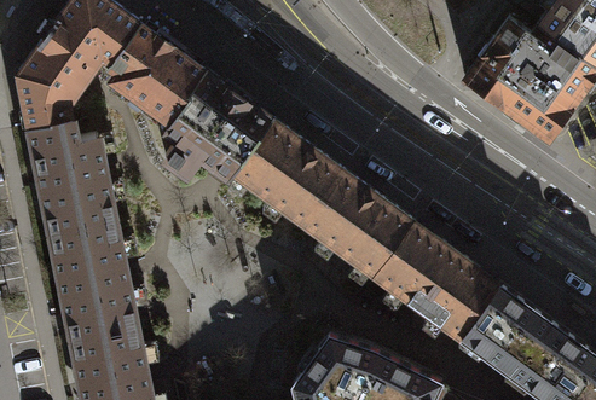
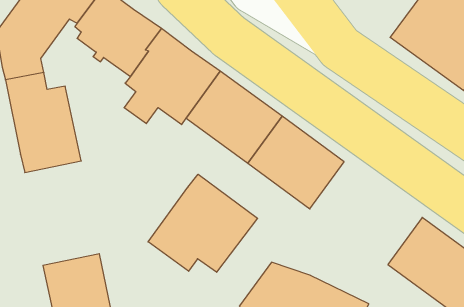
building: [52,224,137,342] -> none
building: [375,225,502,341] -> none
building: none -> [148,174,258,272]

